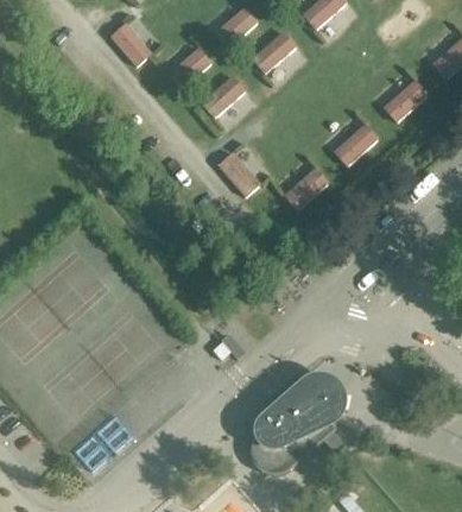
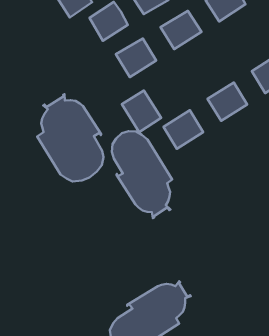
building: none -> [37,94,104,181]
building: none -> [112,131,172,218]

